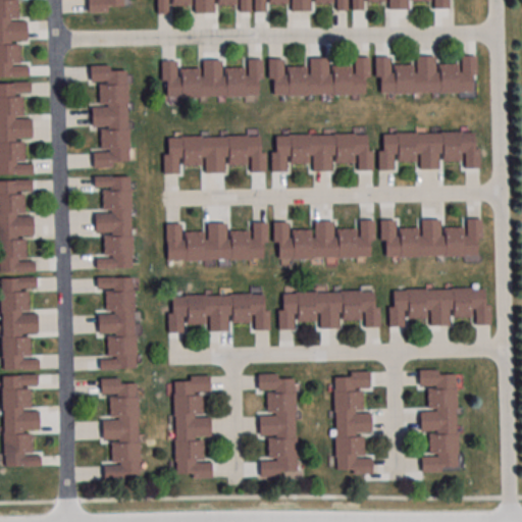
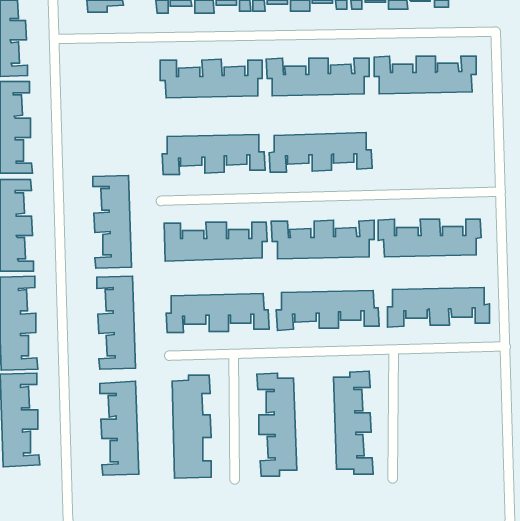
building: [91,69,130,162] -> none
building: [377,130,480,170] -> none
building: [419,369,459,472] -> none

